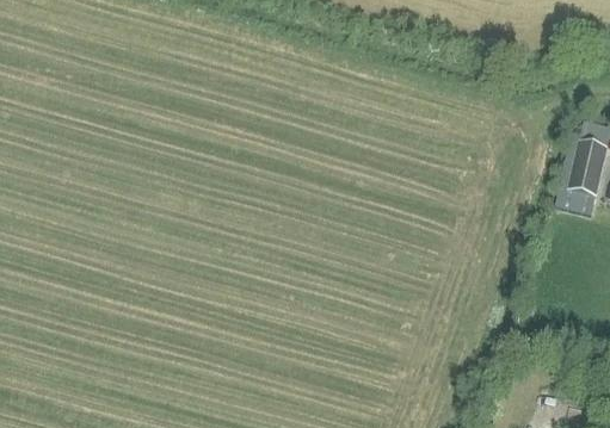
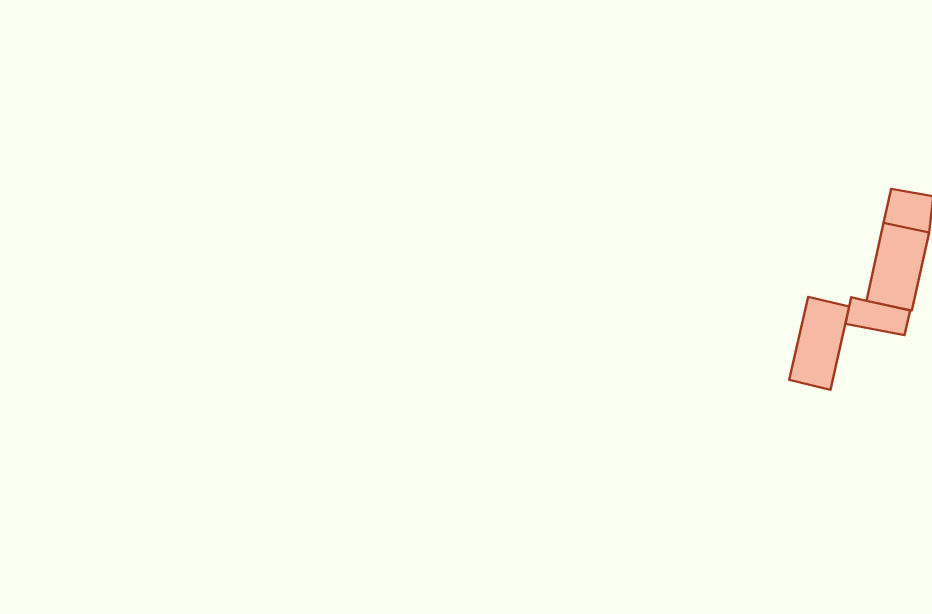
building: none -> [789,297,849,390]

